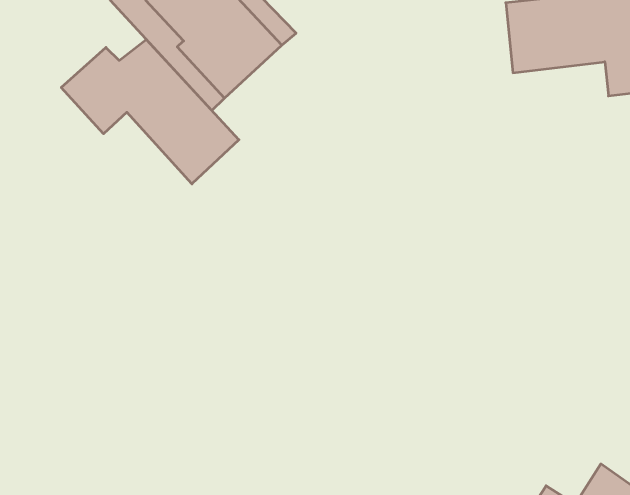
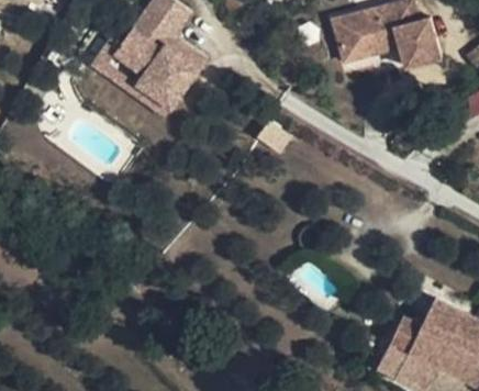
building: [61,40,239,184] -> none

